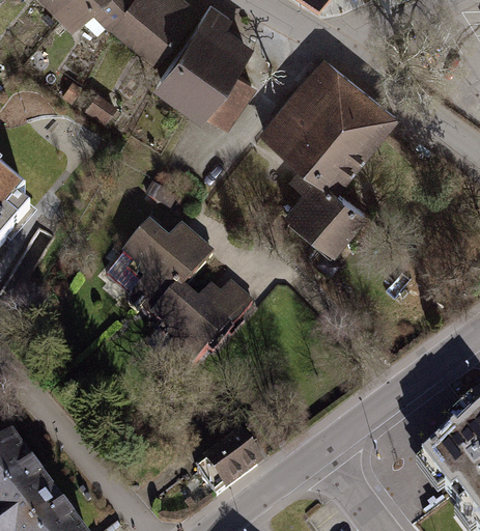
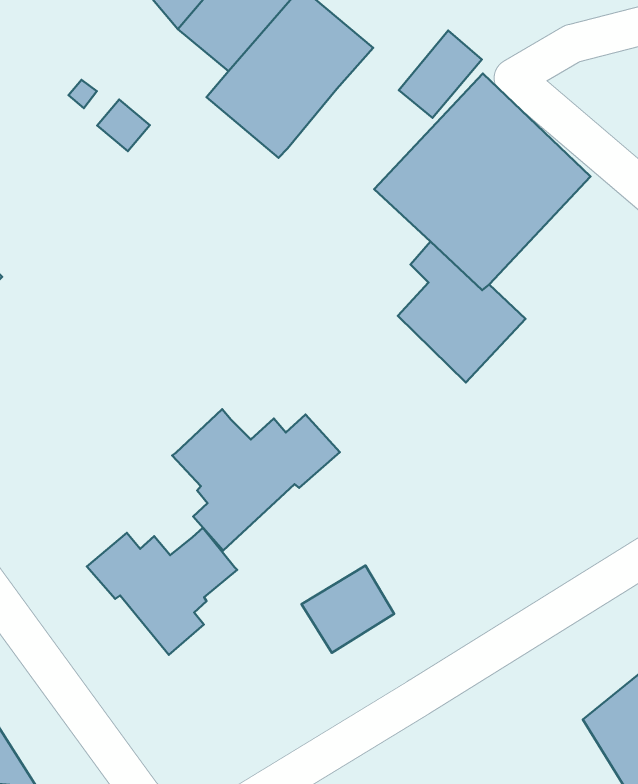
building: [205,73,256,129] -> [399,30,482,118]
building: [108,223,215,311] -> none
building: none -> [87,528,237,655]
building: [203,434,262,491] -> [301,565,394,653]

